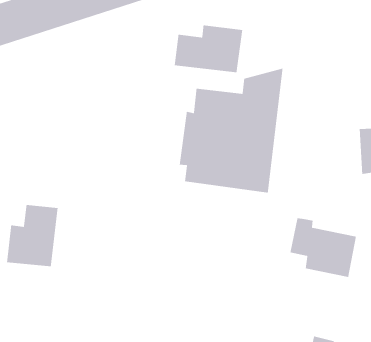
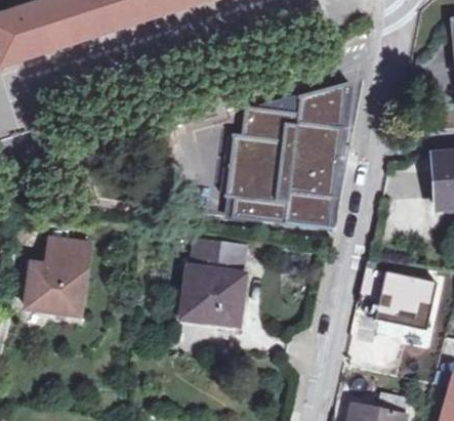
building: [174,25,243,73] -> none
building: none -> [187,237,249,327]

